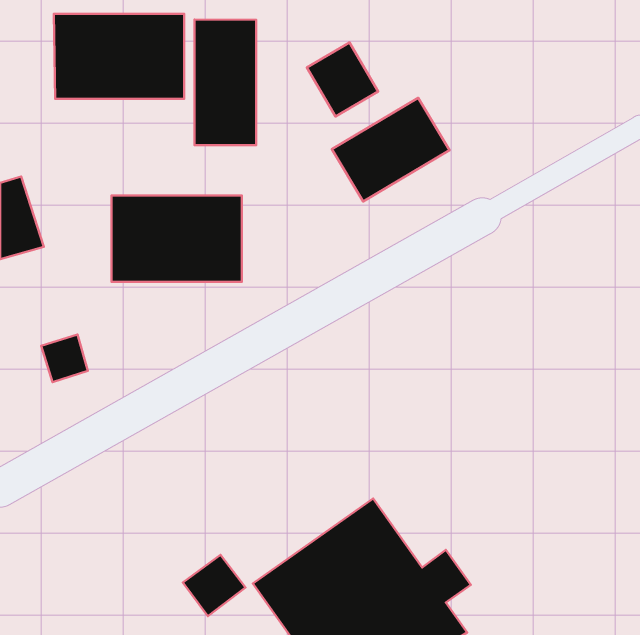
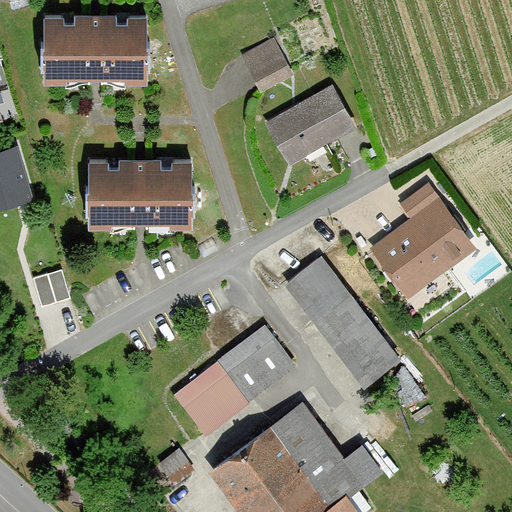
building: [194,20,256,145] -> none
building: none -> [368,184,477,303]
building: none -> [284,257,402,391]
building: none -> [169,321,299,434]

